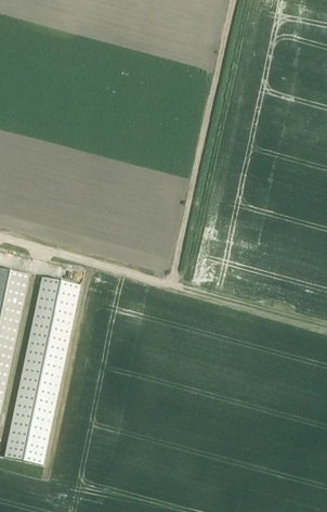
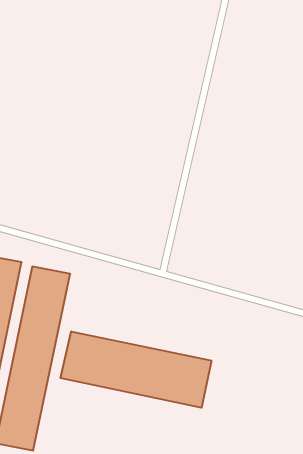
building: none -> [61,331,211,408]

